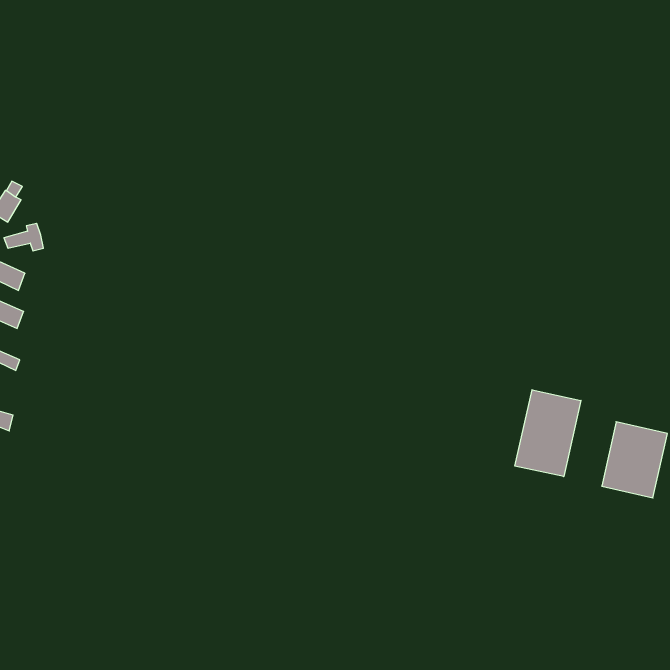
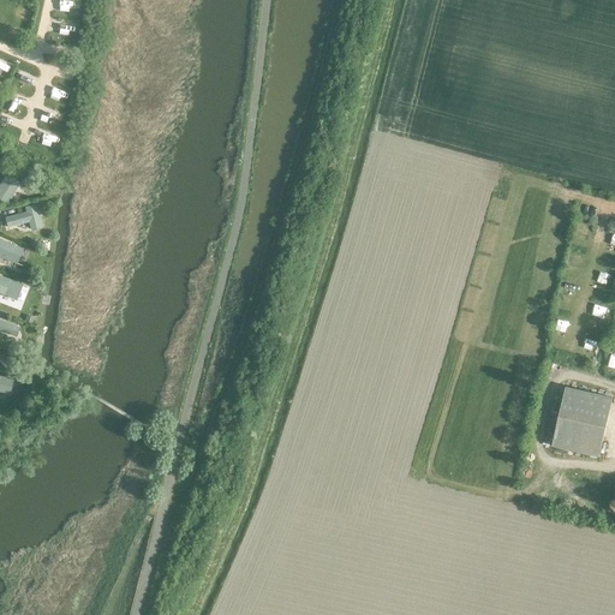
building: [515,390,581,477] -> none

